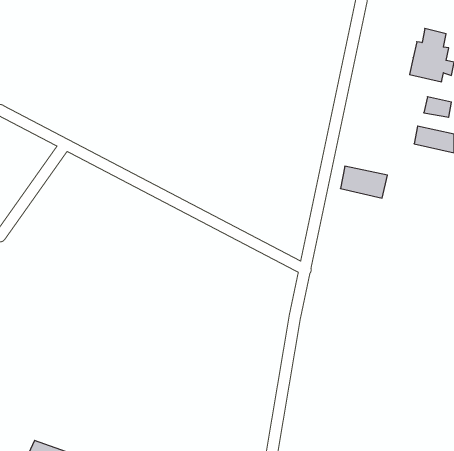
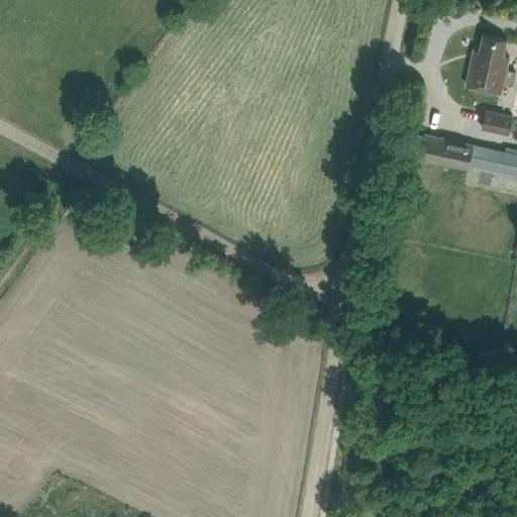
building: [340,166,387,198] -> [420,135,474,172]

